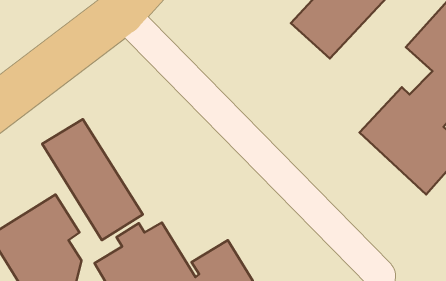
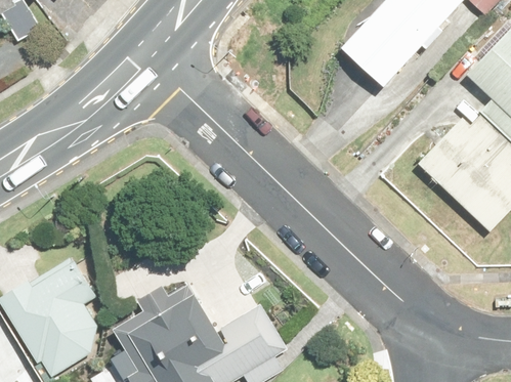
building: [42,119,143,240] -> none

